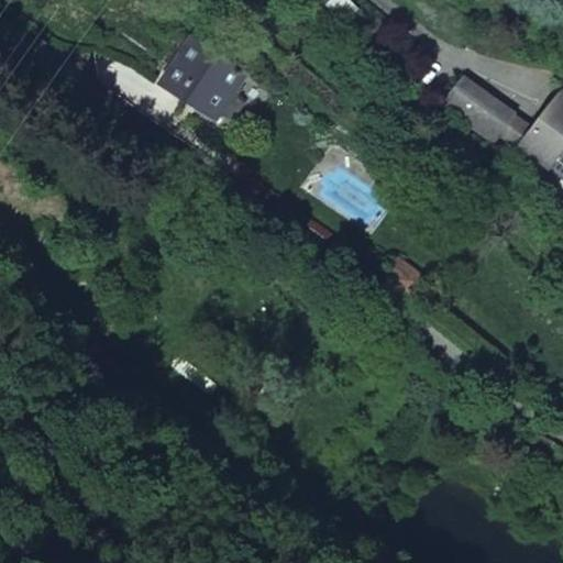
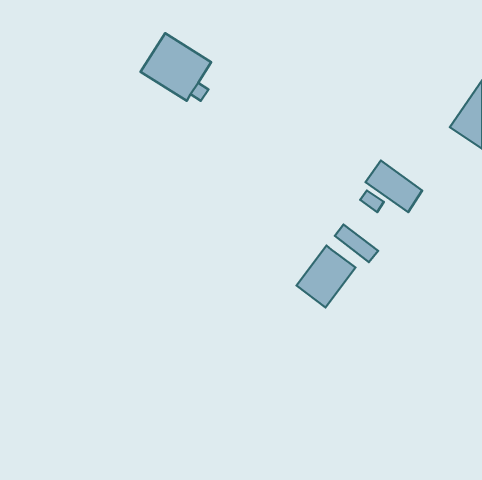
building: [450,79,516,140] -> [366,160,422,212]
building: none -> [296,246,355,307]

